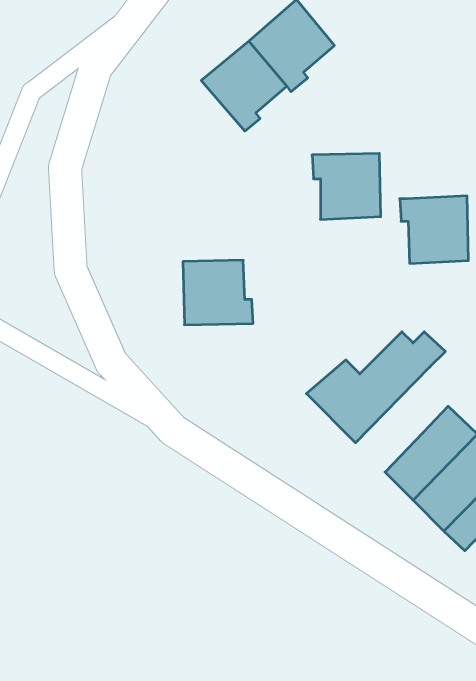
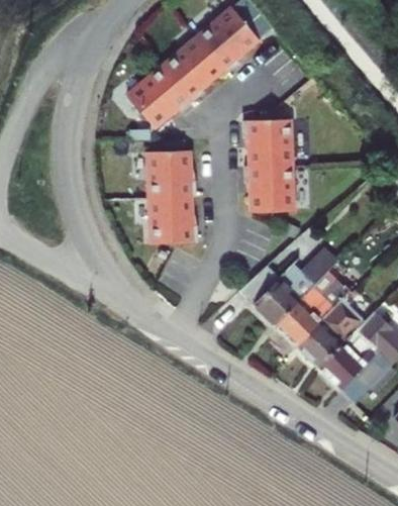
building: none -> [128,65,195,127]
building: none -> [148,147,199,195]
building: [400,196,468,263] -> [244,163,294,211]
building: none -> [275,271,346,346]

